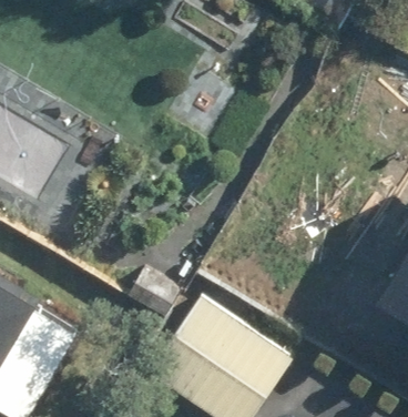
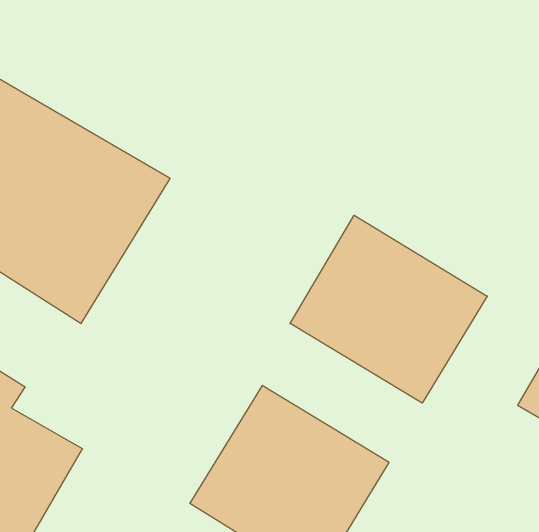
building: none -> [290,215,487,403]

